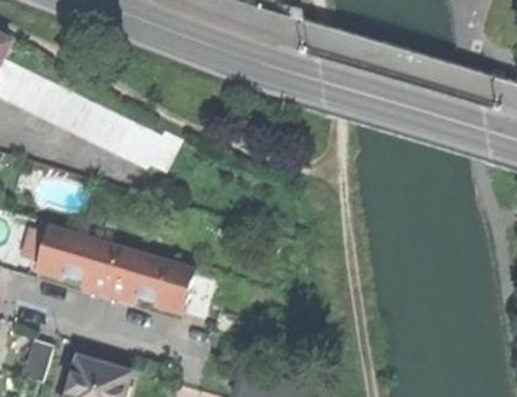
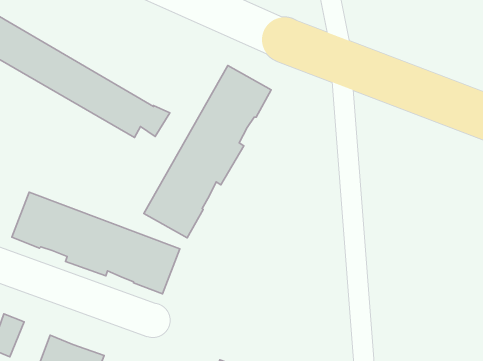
building: none -> [144,65,271,238]

